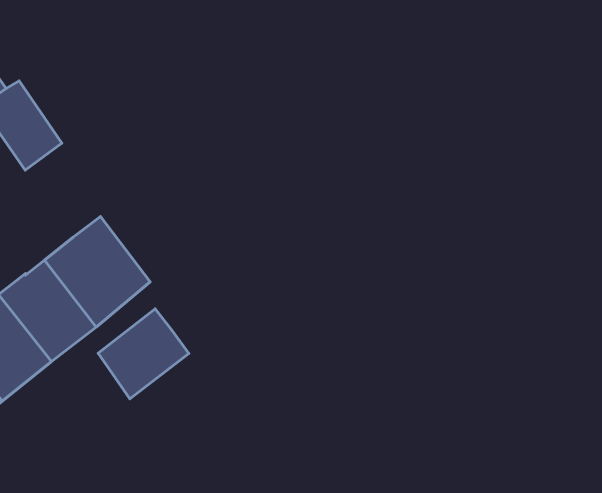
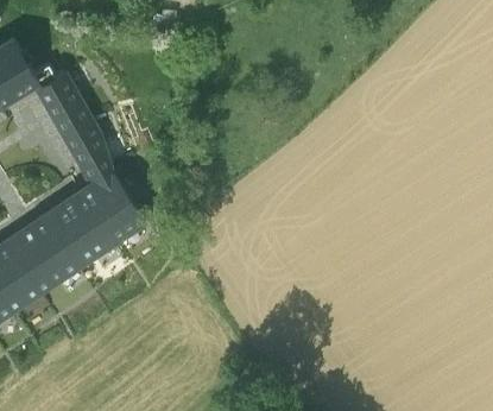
building: none -> [62,120,112,186]
building: [98,309,189,399] -> none

